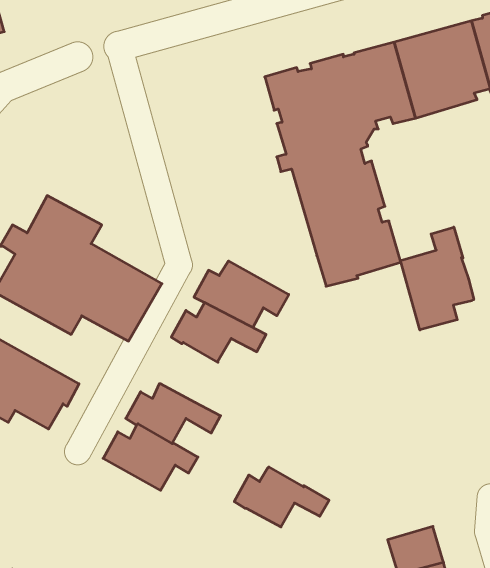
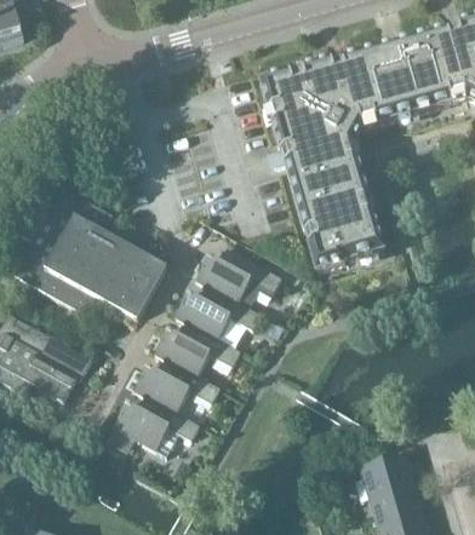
building: [400,227,474,330] -> none
building: [234,467,329,527] -> [155,321,241,375]
building: none -> [362,455,413,500]

